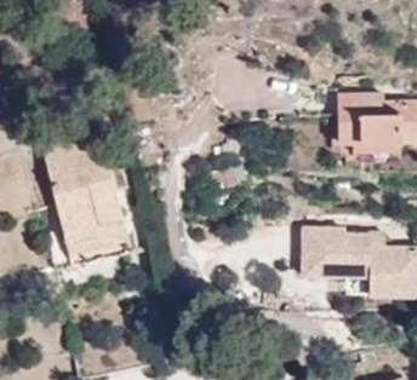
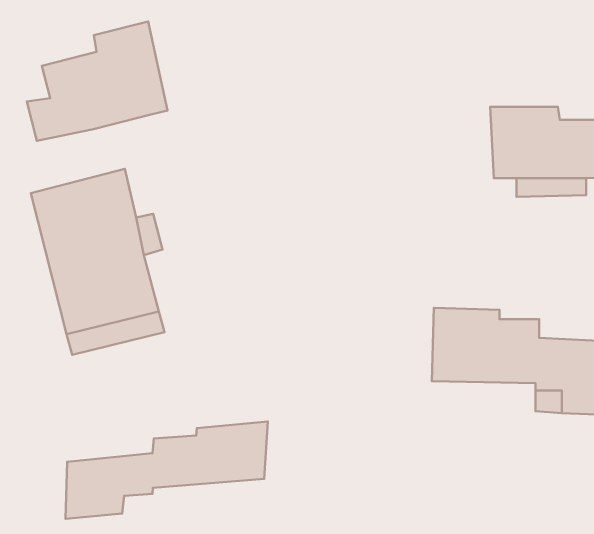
building: none -> [27,22,167,141]
building: none -> [66,422,268,519]

